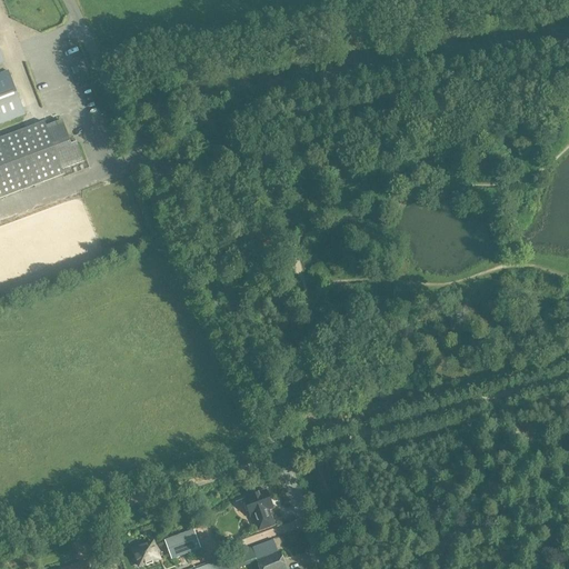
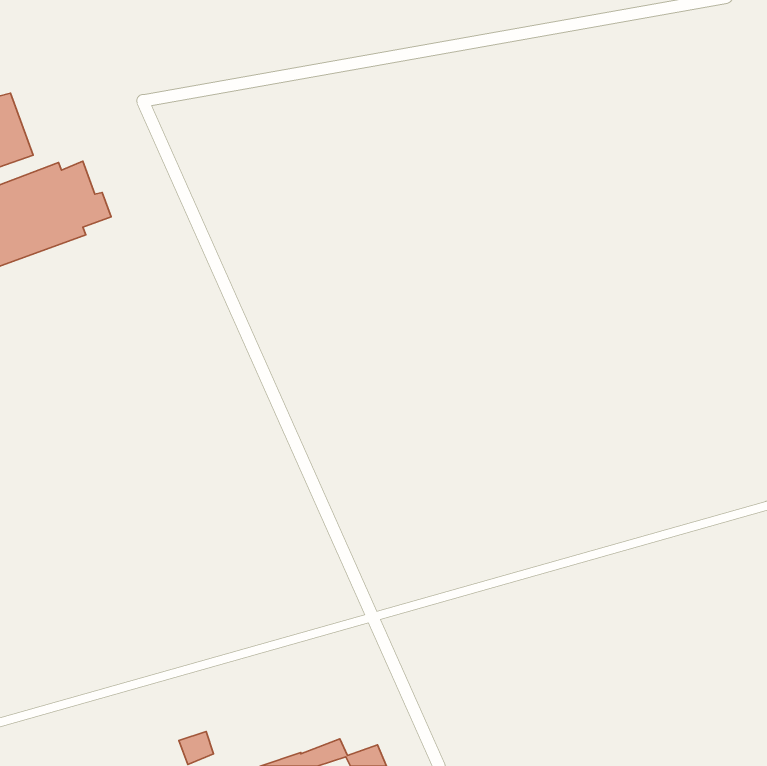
building: [242,488,272,529] -> none
building: [164,528,199,557] -> none

